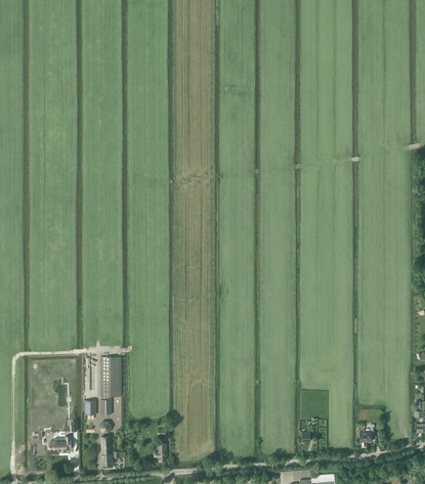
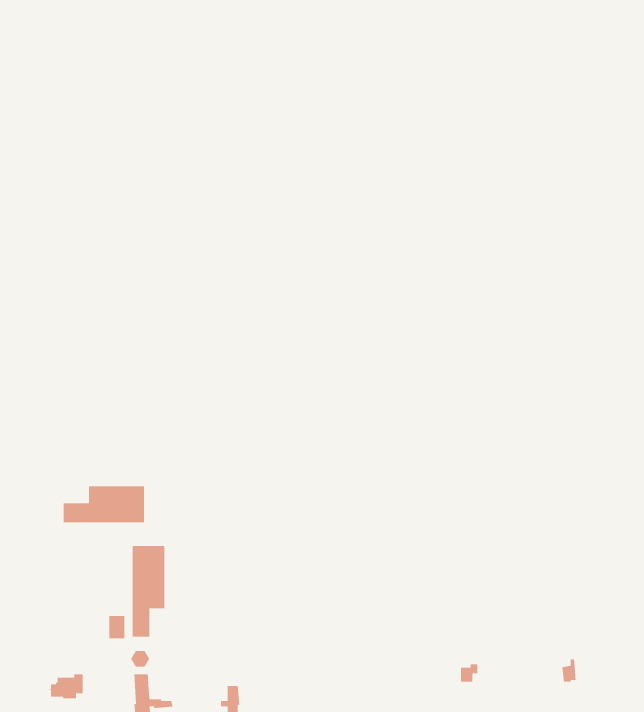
building: none -> [63,486,145,523]

